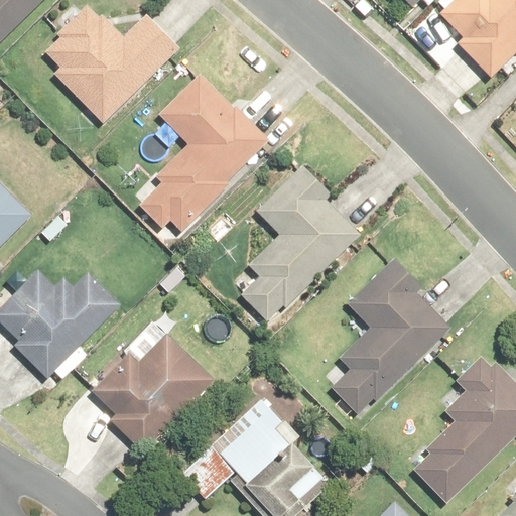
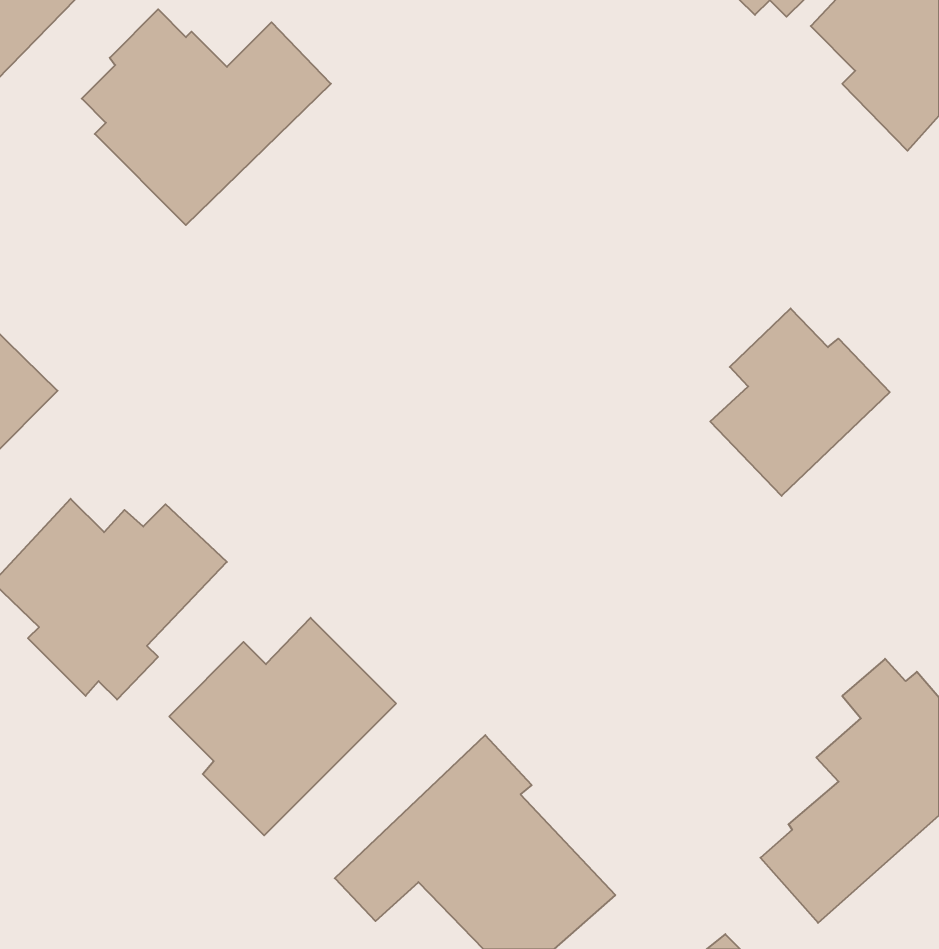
building: [138,74,268,231] -> none
building: [239,165,361,317] -> none
building: none -> [710,308,890,496]
building: [328,258,452,414] -> none

